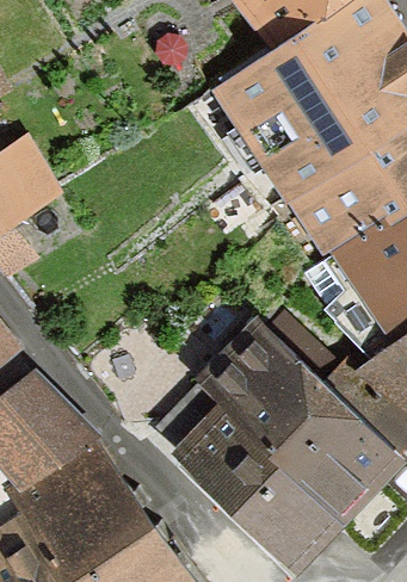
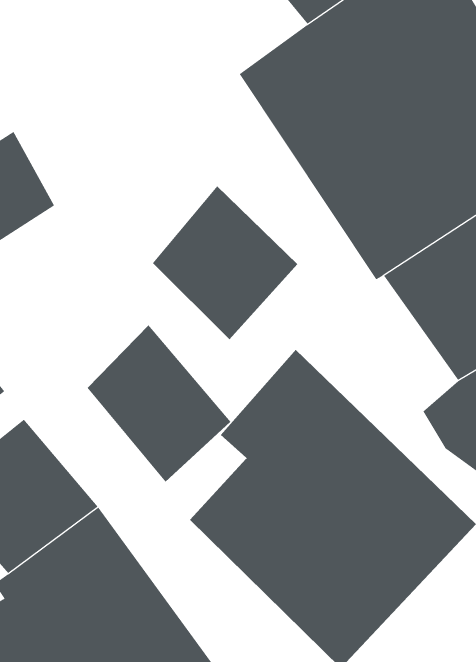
building: none -> [152,186,298,340]
building: none -> [87,325,231,482]

